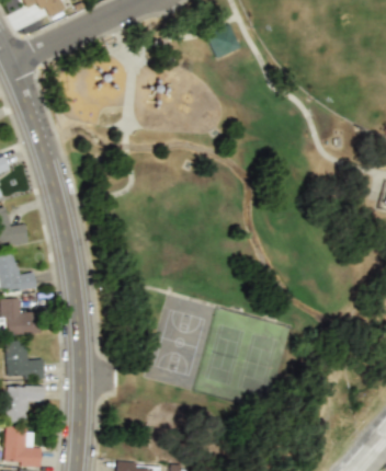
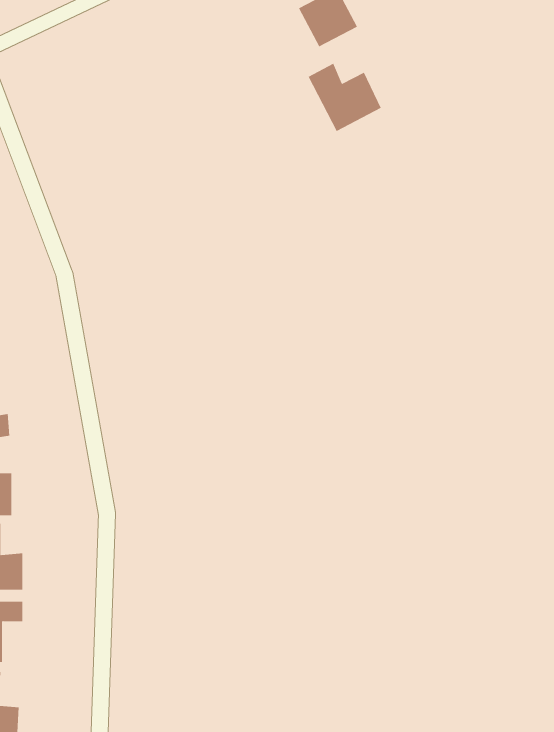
building: none -> [308,63,382,132]

